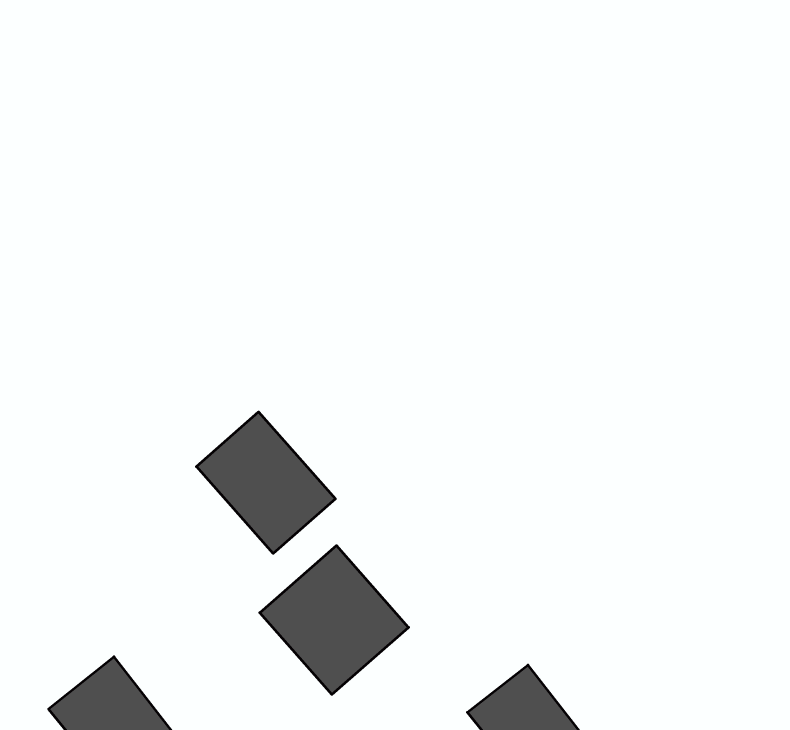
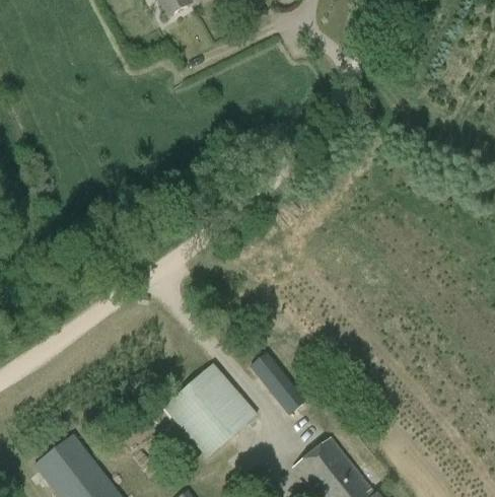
building: [196,412,335,553] -> none
building: none -> [252,353,306,415]

